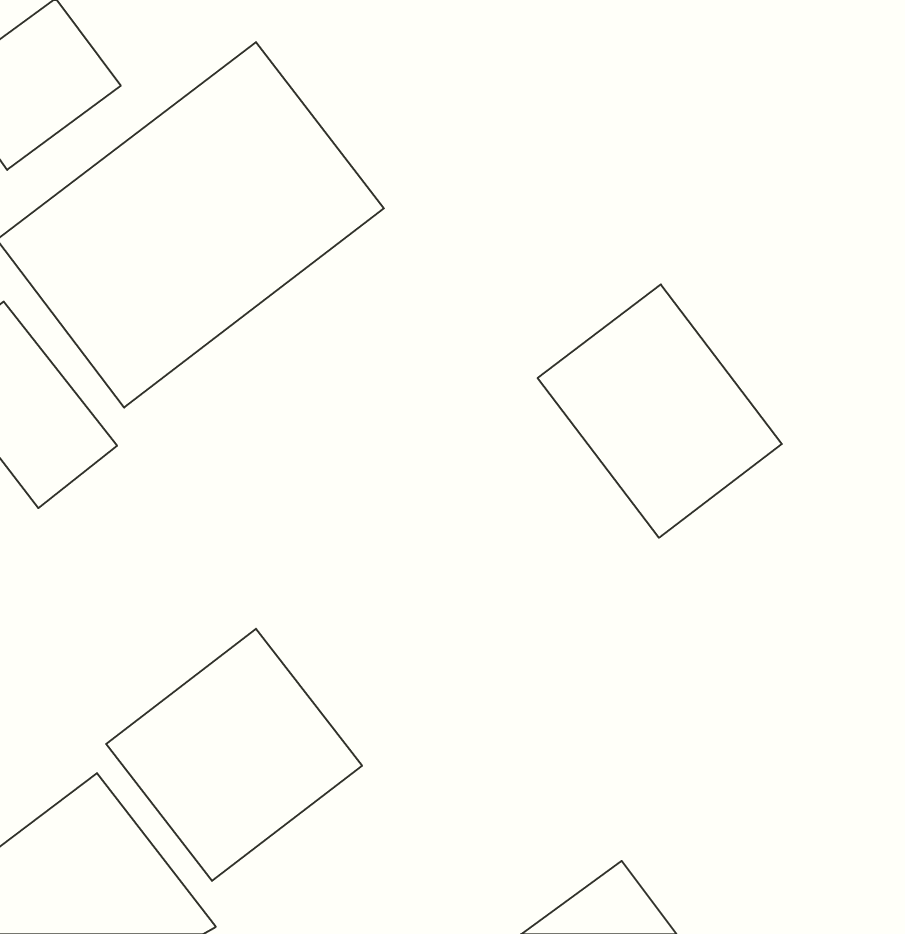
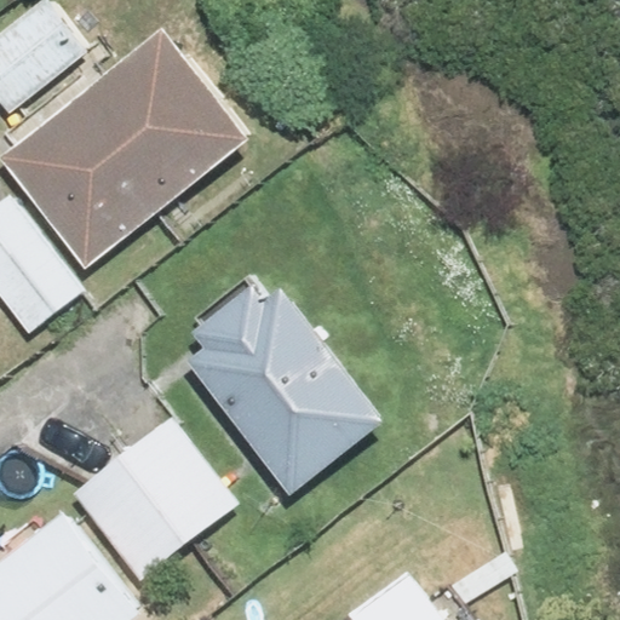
building: [538,284,782,538] -> none
building: none -> [182,266,377,477]

